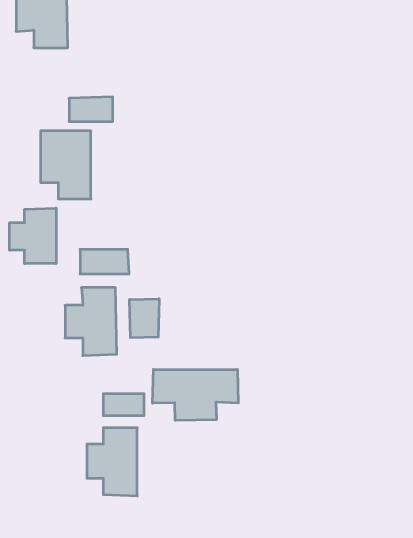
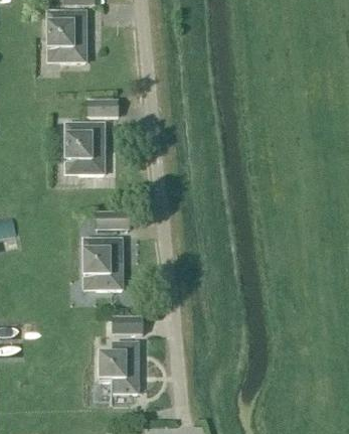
building: [10,208,56,264] -> none
building: [130,299,159,338] -> none
building: [153,369,238,420] -> none

